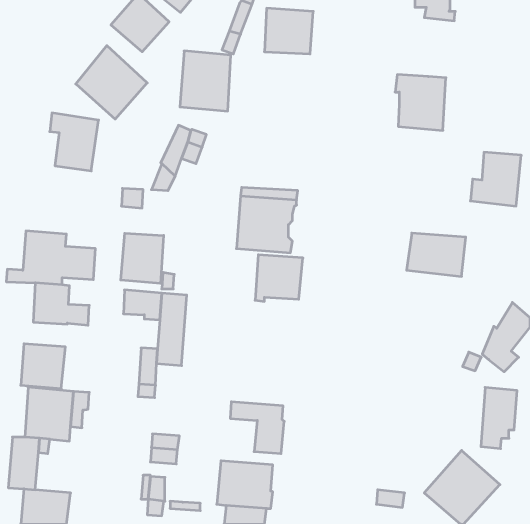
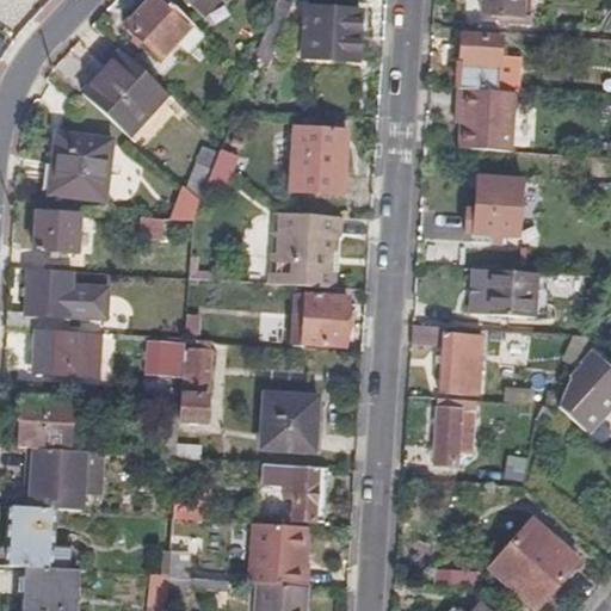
building: none -> [457,32,498,88]
building: [180,51,231,111] -> [289,126,347,196]
building: [470,152,521,206] -> [463,173,521,235]
building: none -> [36,206,82,251]
building: [121,233,164,283] -> none
building: none -> [409,321,480,390]
building: none -> [261,390,321,451]
building: [481,387,517,449] -> [433,396,475,467]

